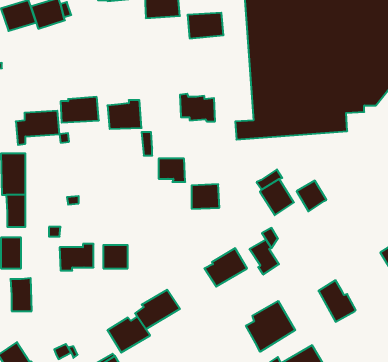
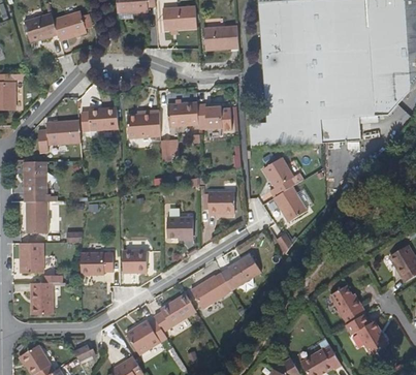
building: none -> [166,102,197,126]
building: [159,159,185,182] -> [166,217,192,240]
building: [297,181,326,211] -> [263,157,292,187]
building: [250,239,279,275] -> none
building: none -> [190,273,231,309]
building: [246,301,295,352] -> none
building: none -> [347,314,391,354]

